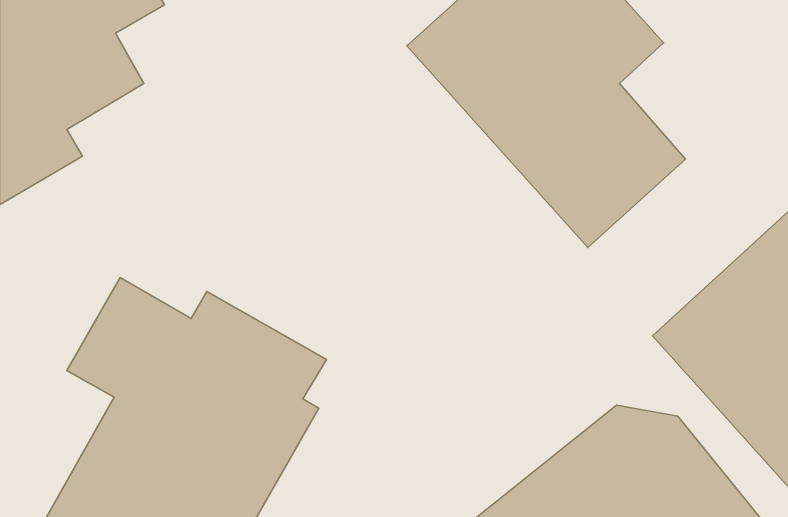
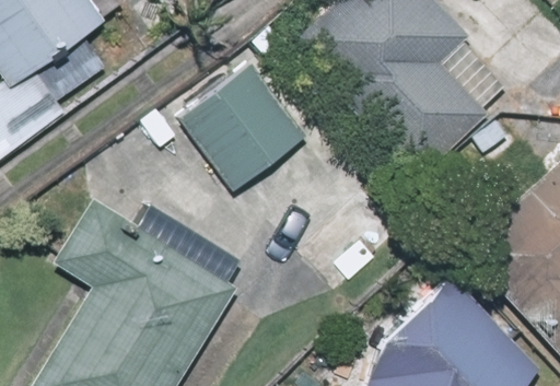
building: none -> [178,62,306,195]

